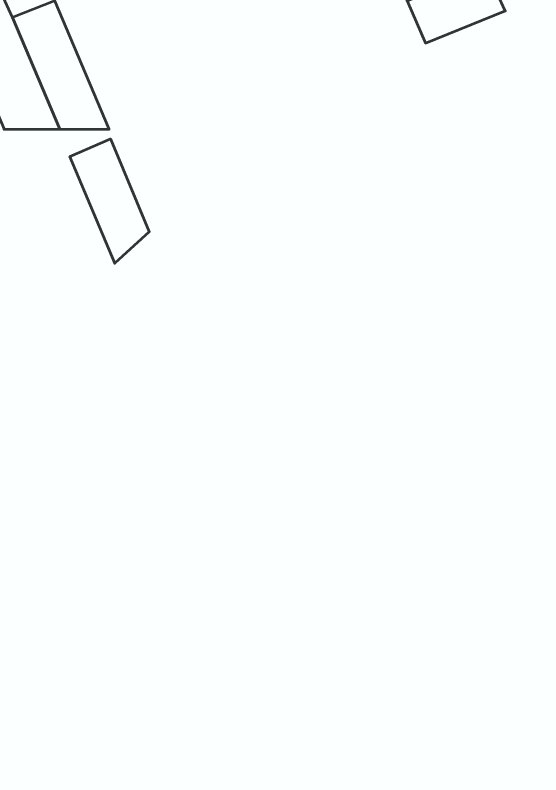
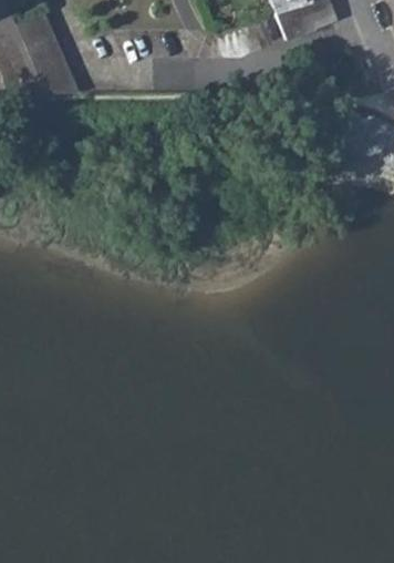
building: [70,139,149,263] -> none

